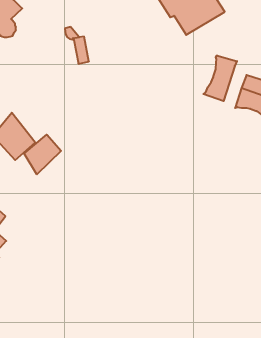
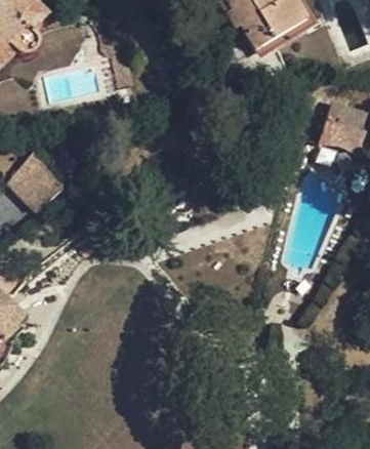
building: [203,55,237,101] -> none
building: [24,135,61,174] -> none

